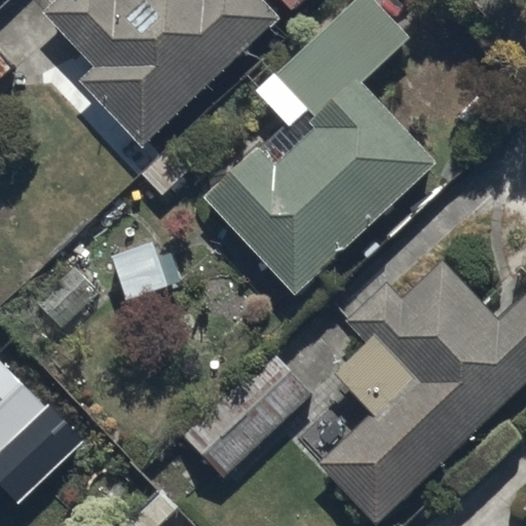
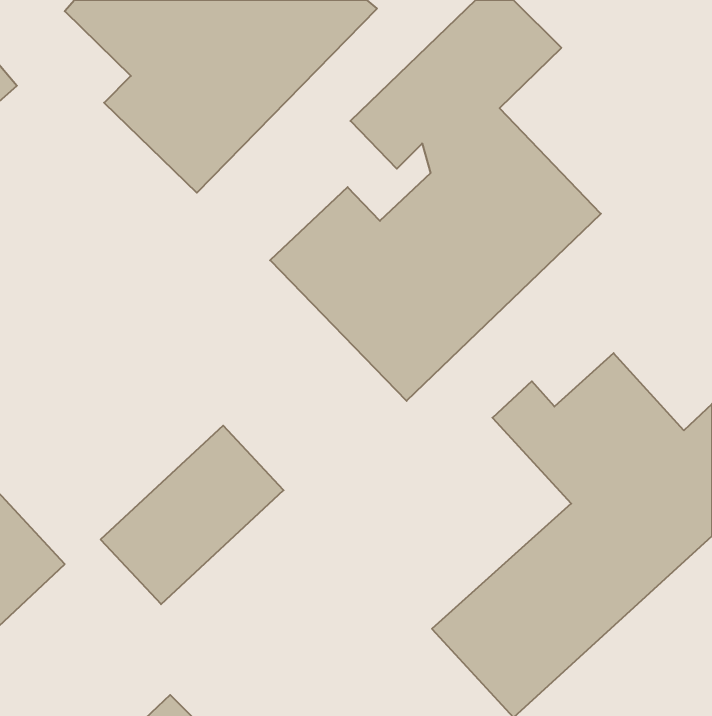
building: [179,348,312,479] -> [101,426,284,604]

